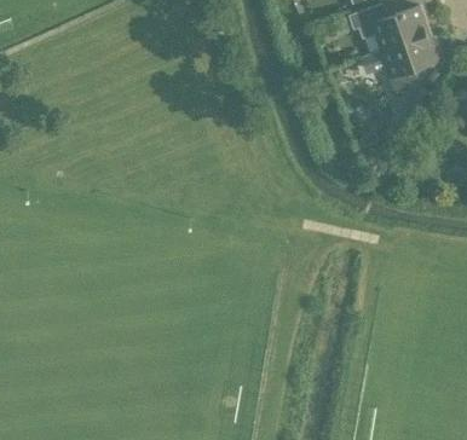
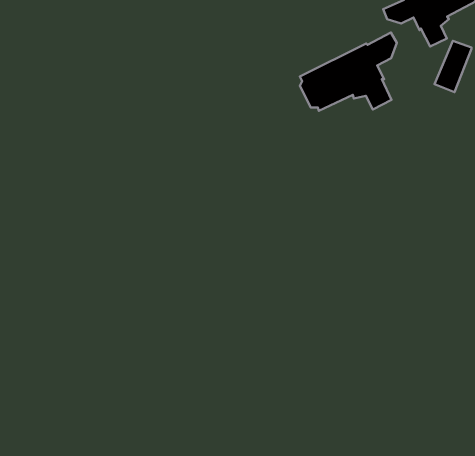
building: none -> [300,33,397,111]

